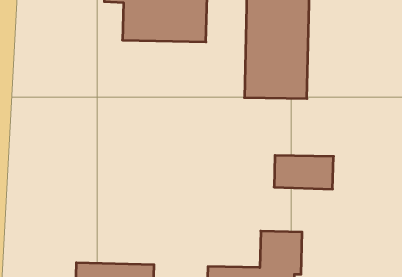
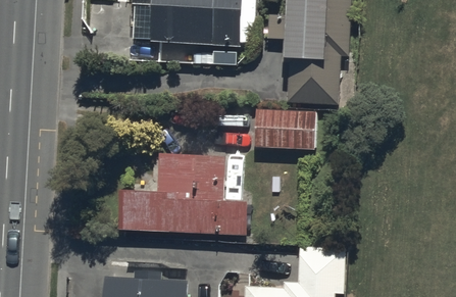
building: none -> [118,155,247,236]
building: [274,155,334,189] -> [252,112,315,148]

